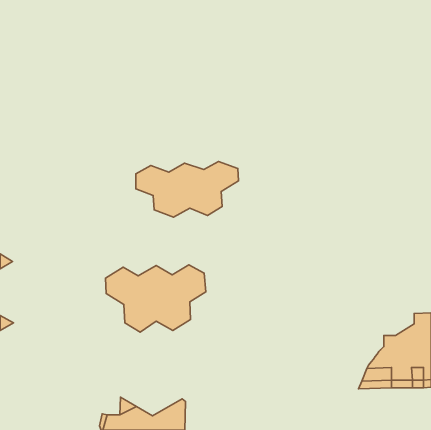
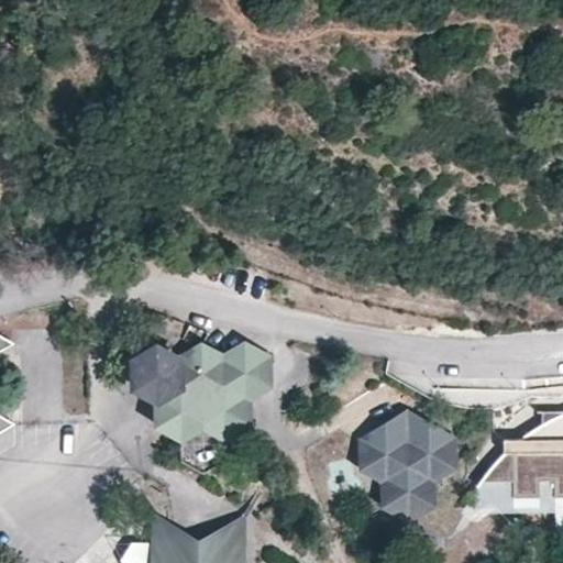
building: [136,161,238,217] -> none
building: none -> [366,416,452,512]

